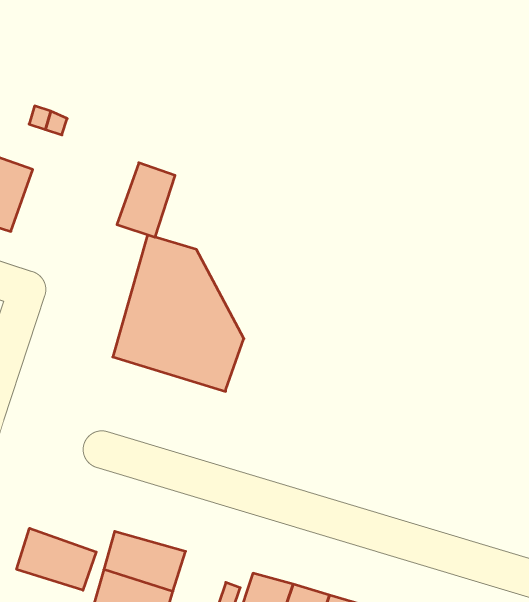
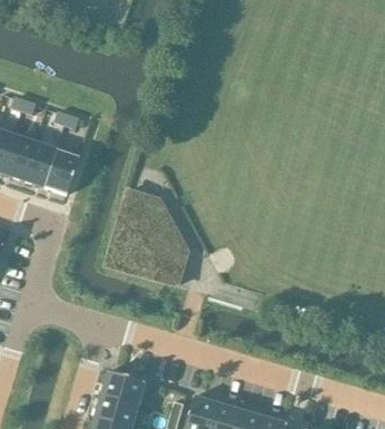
building: [117,163,175,237] -> [43,148,79,194]
building: [17,528,96,590] -> none

